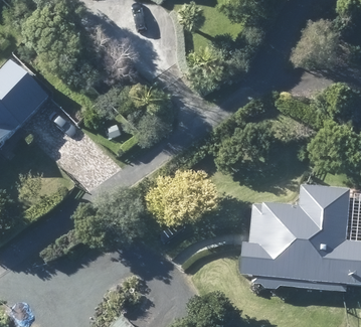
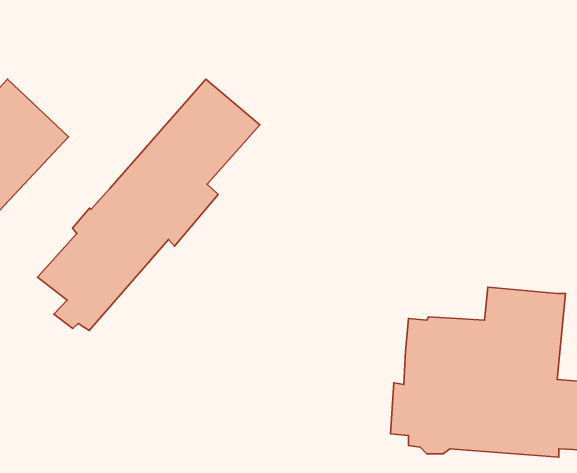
building: none -> [37,79,260,330]

